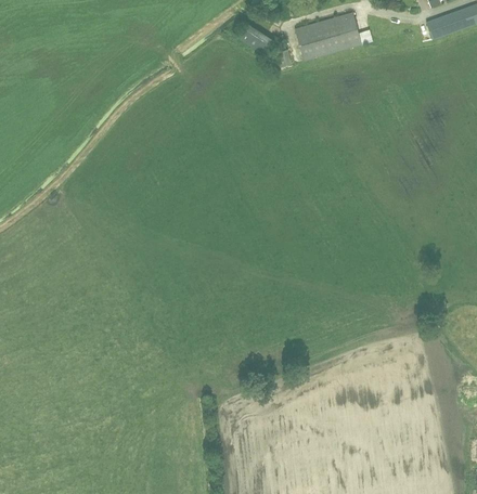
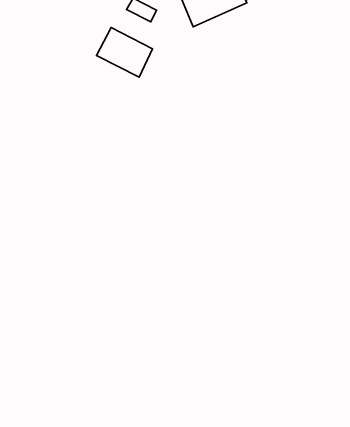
building: none -> [97,28,152,77]

